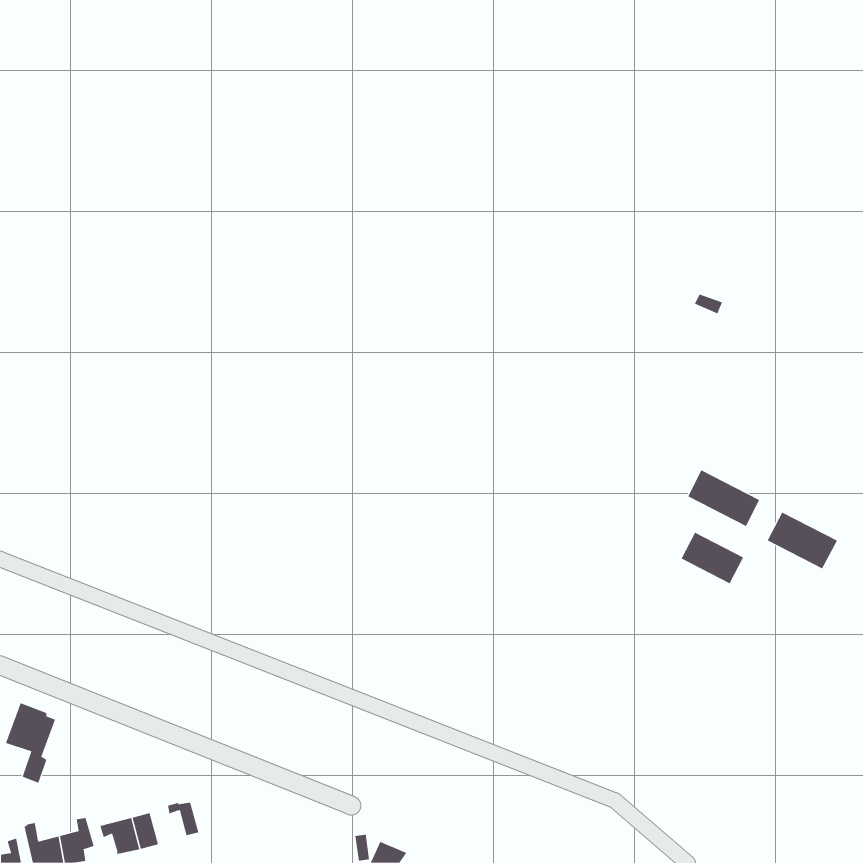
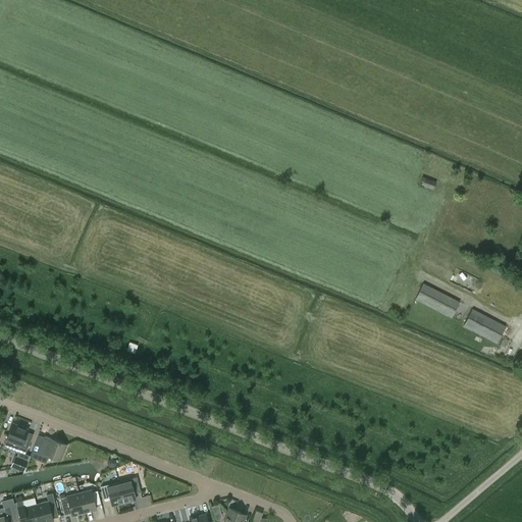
building: [681,532,744,584] -> none
building: none -> [38,438,66,461]
building: none -> [115,477,141,503]

